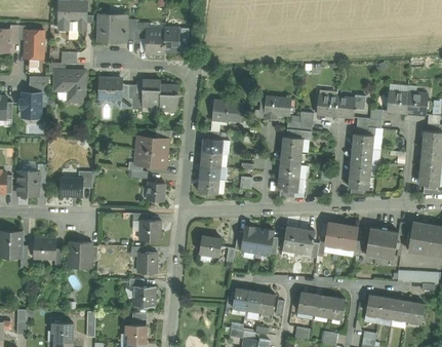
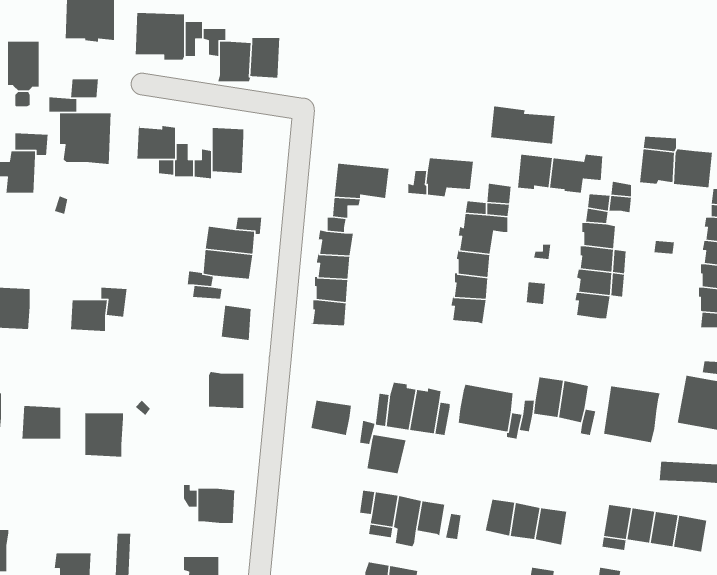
building: none -> [490,105,555,144]
building: [159,84,178,111] -> none
building: [136,252,157,272] -> none
building: none -> [366,434,406,474]

